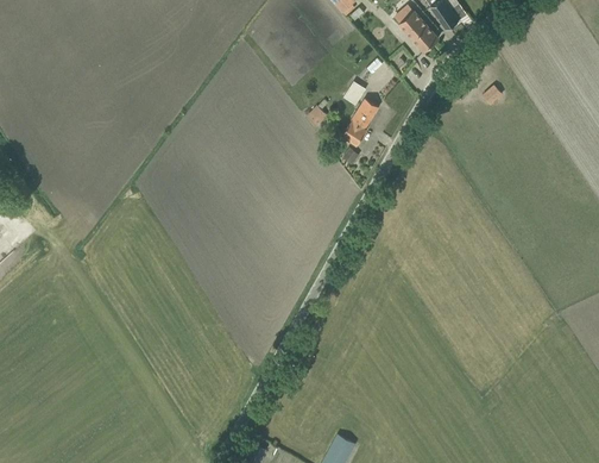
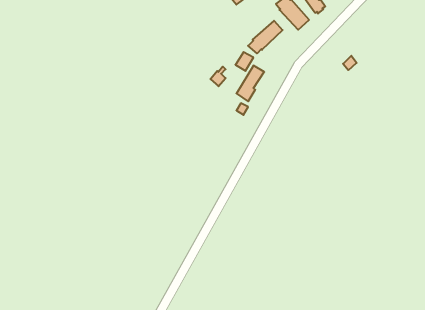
building: none -> [248,21,283,53]

